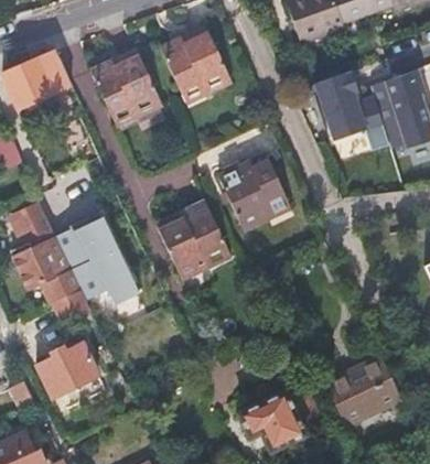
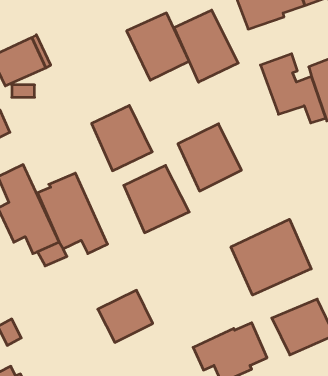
building: none -> [174,10,238,82]
building: [90,47,161,123] -> [92,105,152,171]
building: none -> [231,219,311,295]
building: [34,339,98,400] -> [98,290,153,342]

